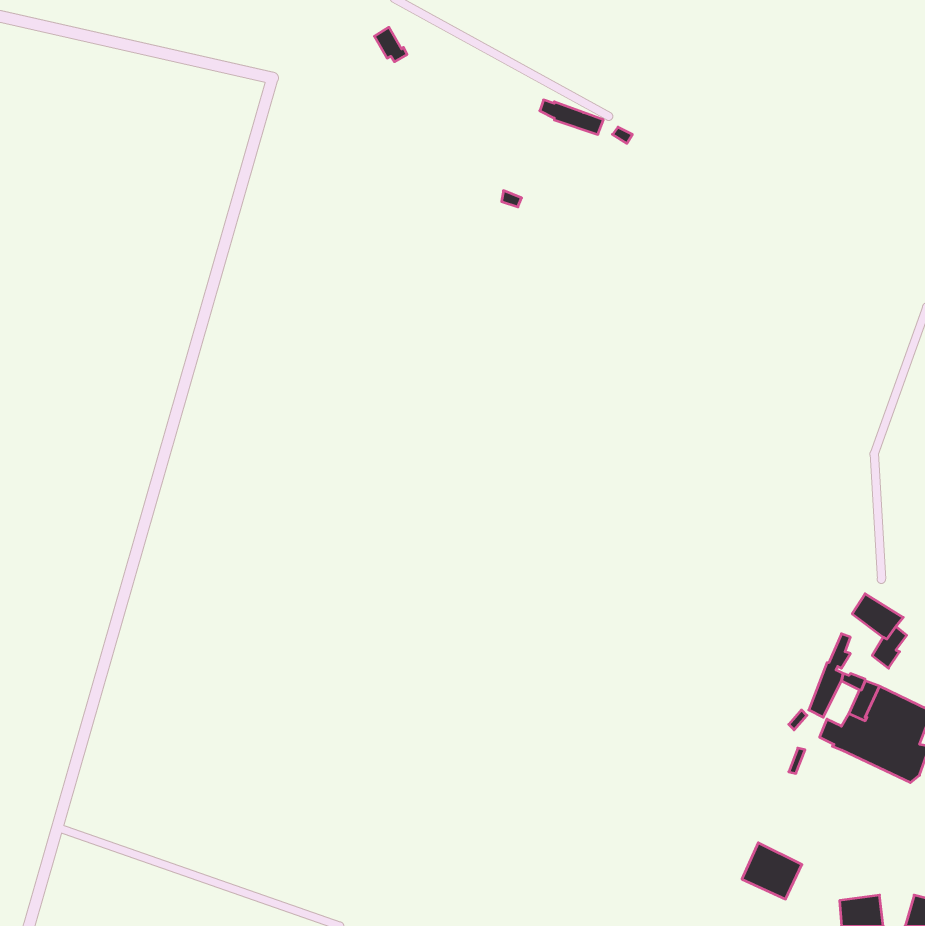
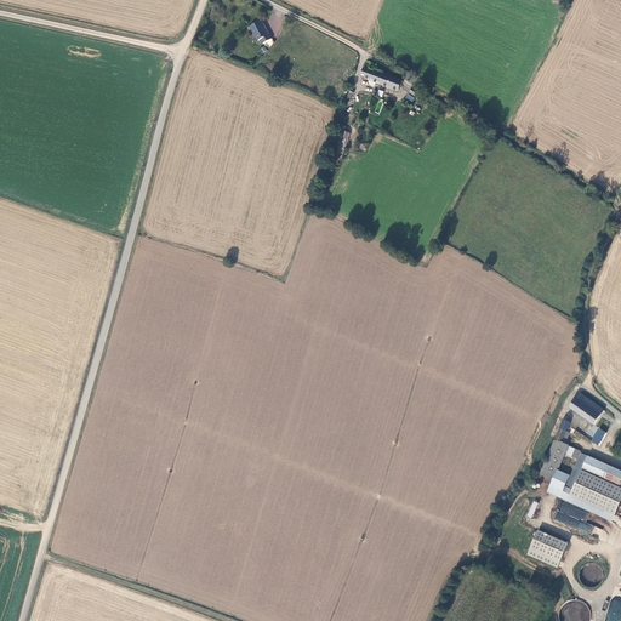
building: [742,843,802,899] -> [528,531,568,569]

